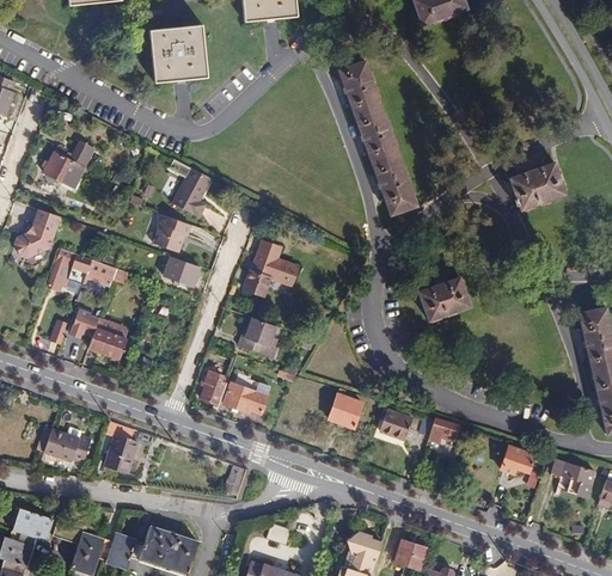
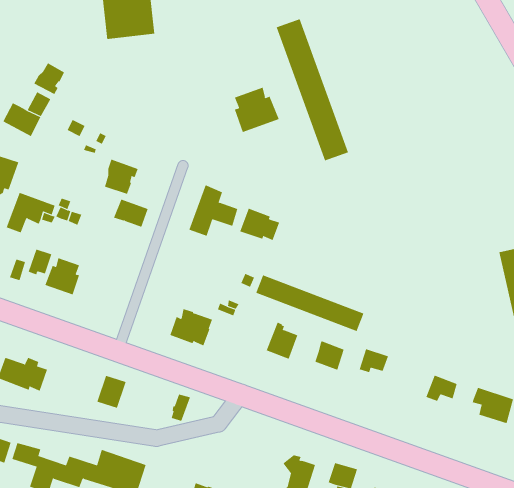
building: none -> [34,62,65,95]
building: none -> [234,87,279,133]
building: [509,163,565,210] -> none
building: [173,168,210,216] -> none
building: none -> [240,208,280,241]
building: [418,277,470,321] -> none
building: [238,318,279,359] -> none
building: none -> [256,274,364,332]
building: [198,369,227,406] -> none
building: [105,436,137,472] -> [97,375,126,408]

